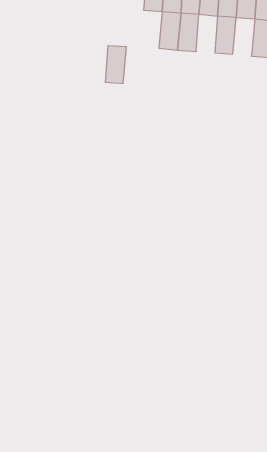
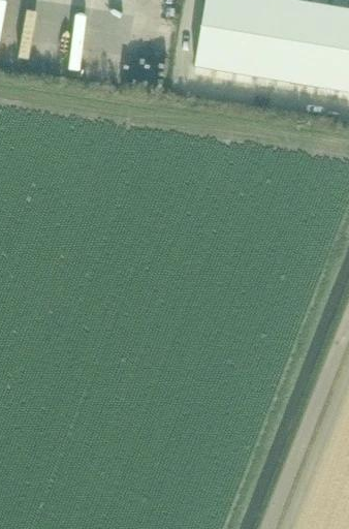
building: none -> [257,34,284,79]
building: none -> [297,41,325,86]
building: [105,46,126,83] -> [196,25,223,68]

